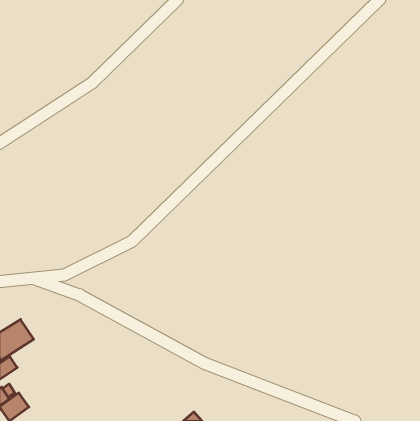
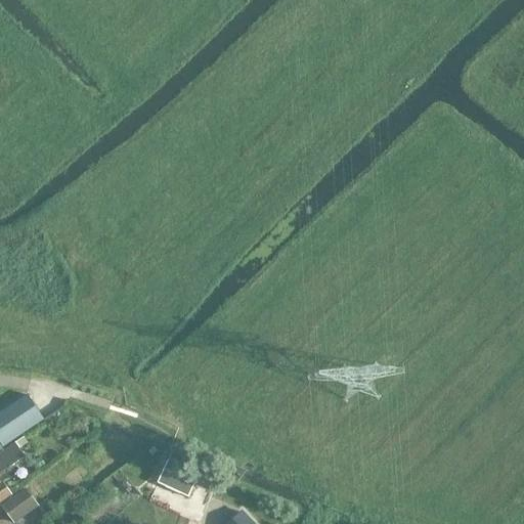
building: none -> [155,461,196,497]

